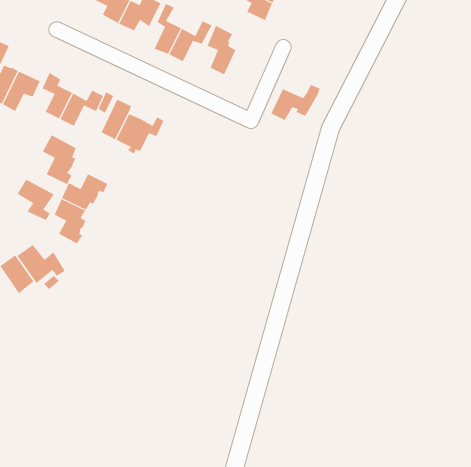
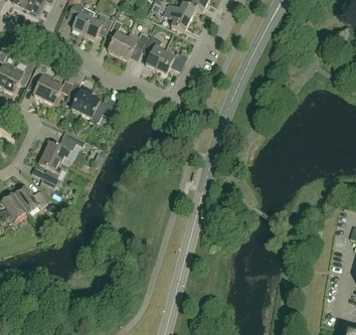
building: [271,84,321,121] -> [156,46,190,71]
building: [42,135,77,185] -> none
building: [17,178,54,221] -> none

